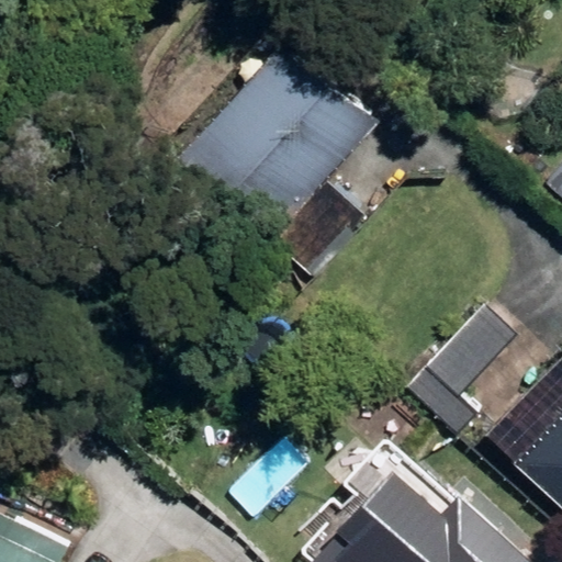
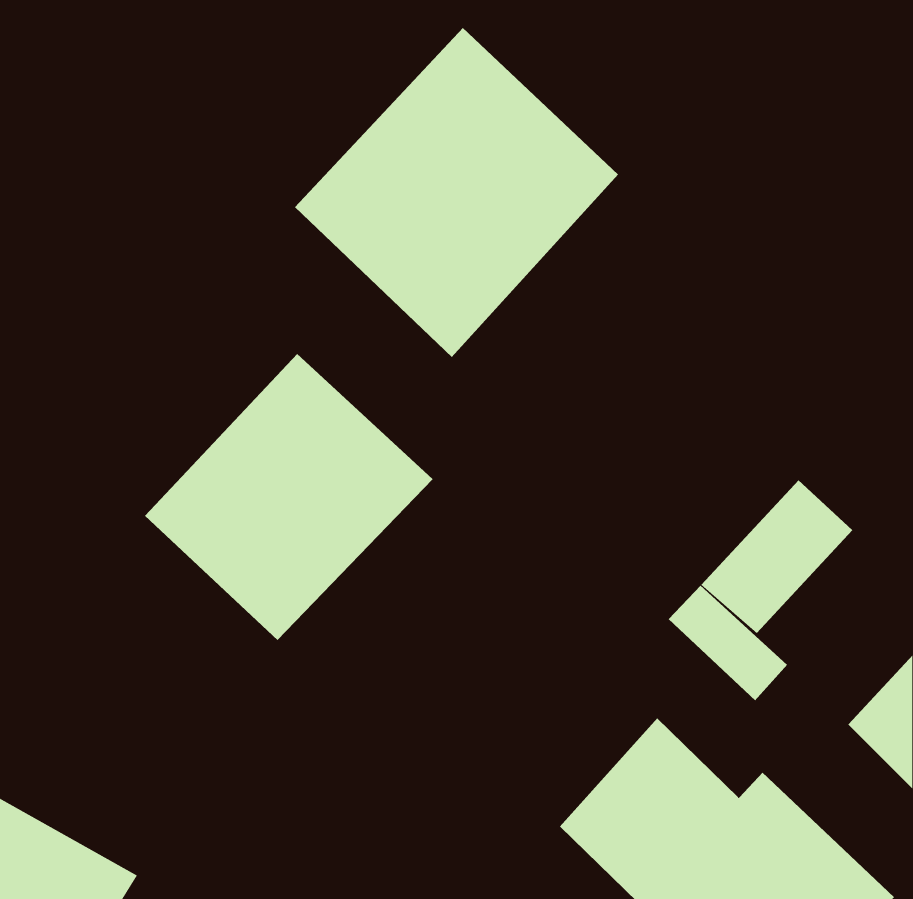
building: none -> [144,353,434,641]

